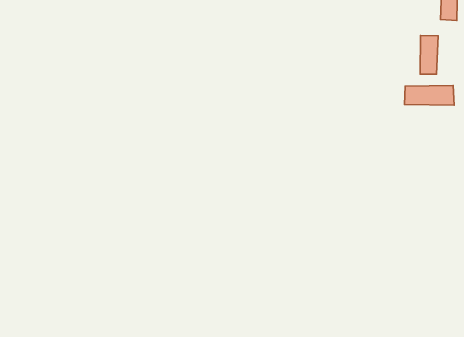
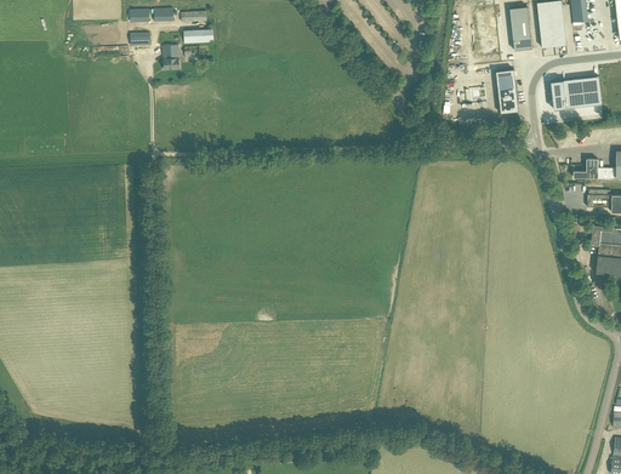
building: [404,86,454,105] -> none

